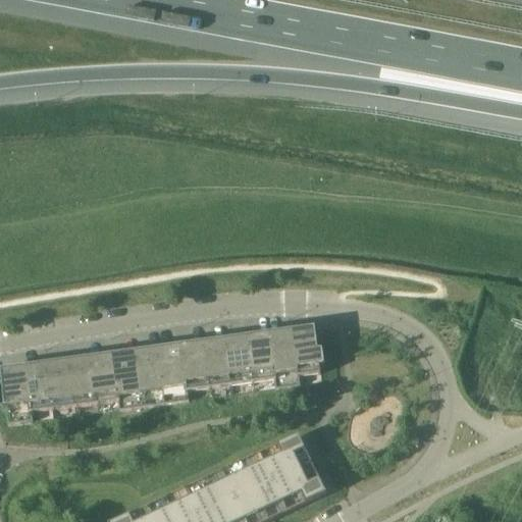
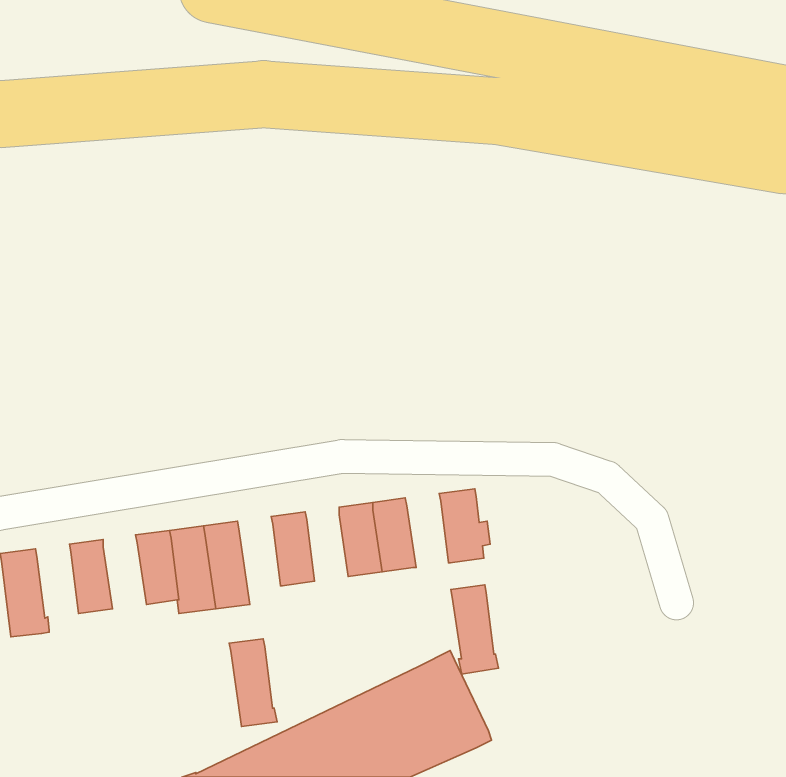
building: [268,326,300,385] -> [451,585,499,674]
building: [202,335,230,384] -> none
building: [157,342,189,400] -> [229,639,277,727]
building: [68,354,97,403] -> none
building: [23,360,52,409] -> none

